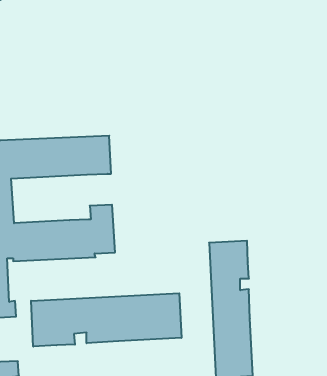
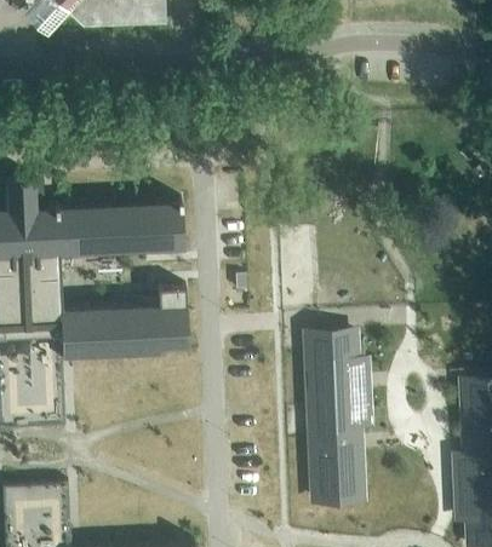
building: [31,293,181,347] -> none

